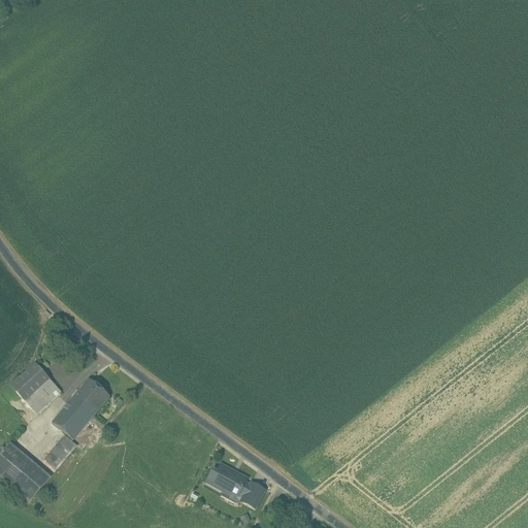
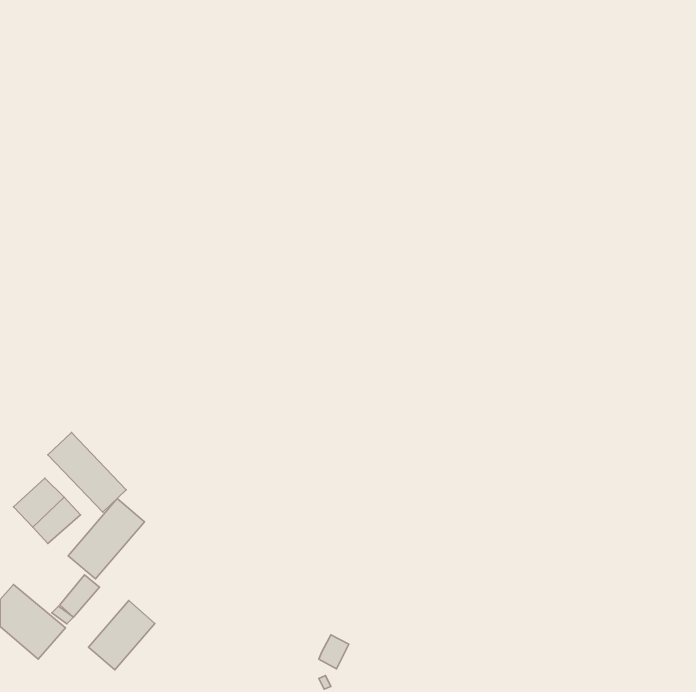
building: none -> [48,432,126,512]
building: none -> [88,601,155,670]
building: [206,463,250,494] -> none

